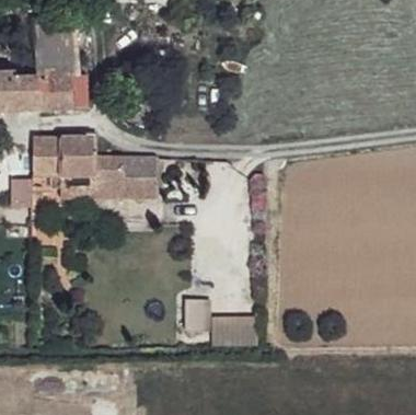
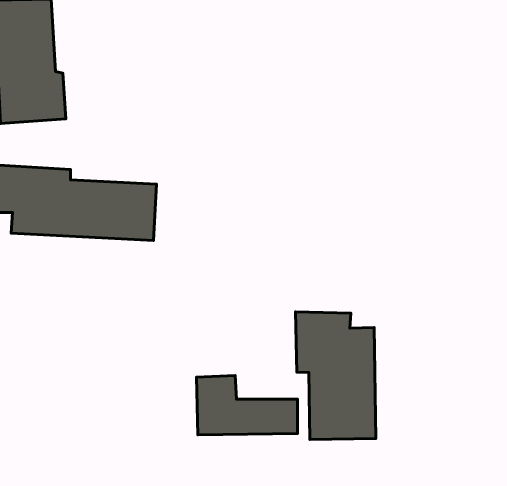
building: none -> [296,312,376,439]

